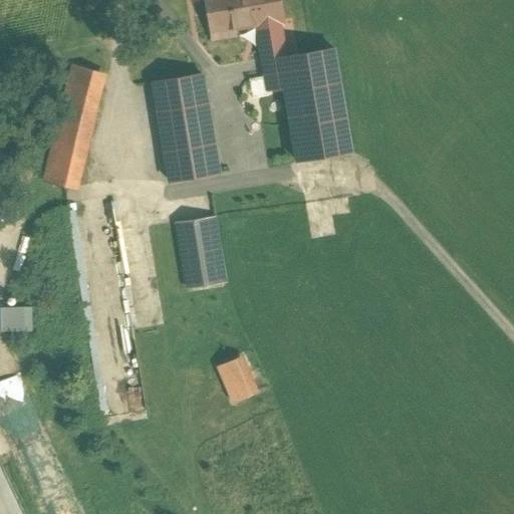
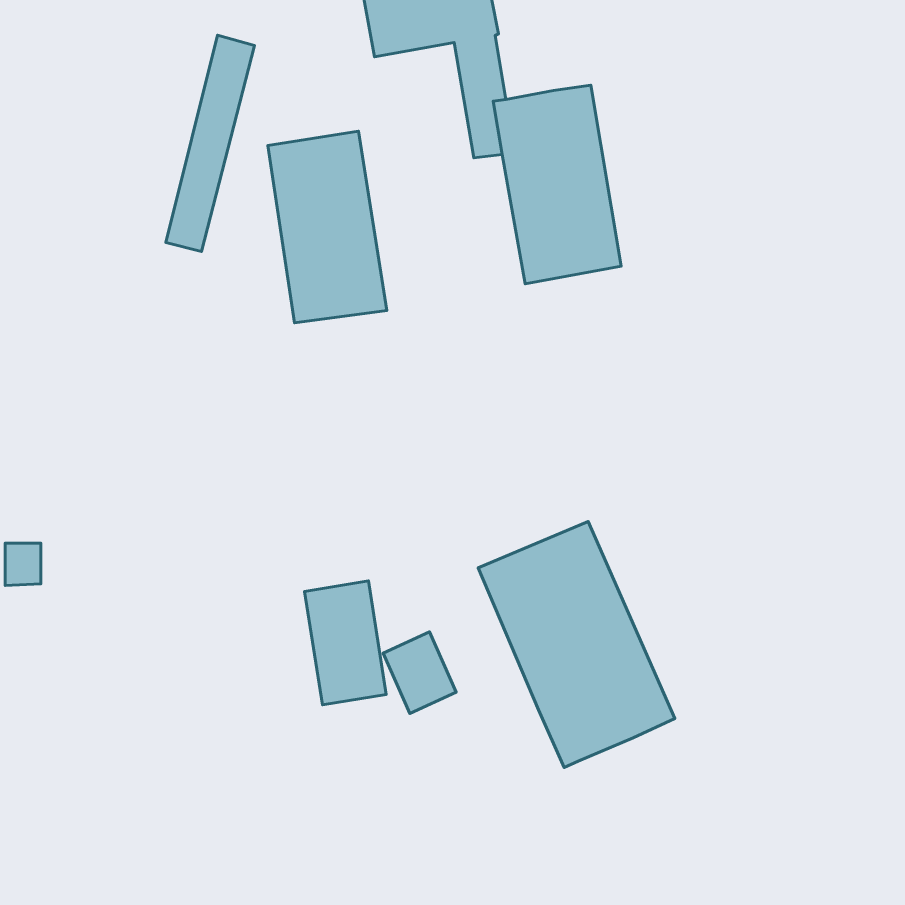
building: [45,63,95,186] -> [166,35,255,251]
building: [179,217,225,287] -> [305,581,386,705]
building: none -> [478,522,675,768]

